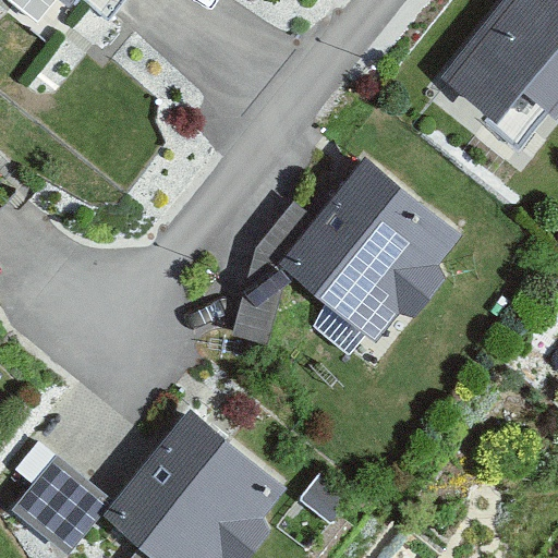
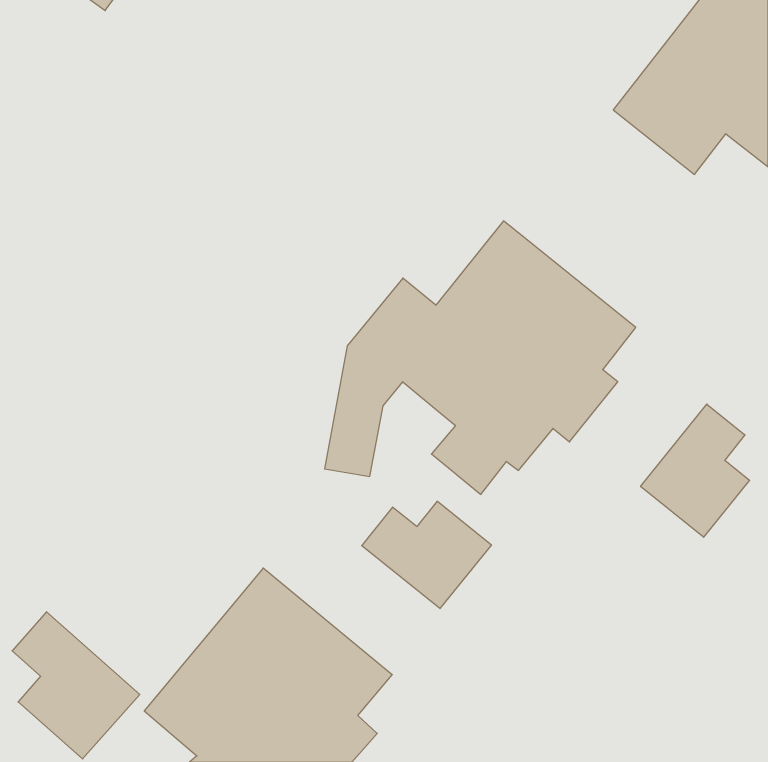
building: none -> [641,404,750,537]
building: none -> [362,501,491,609]

